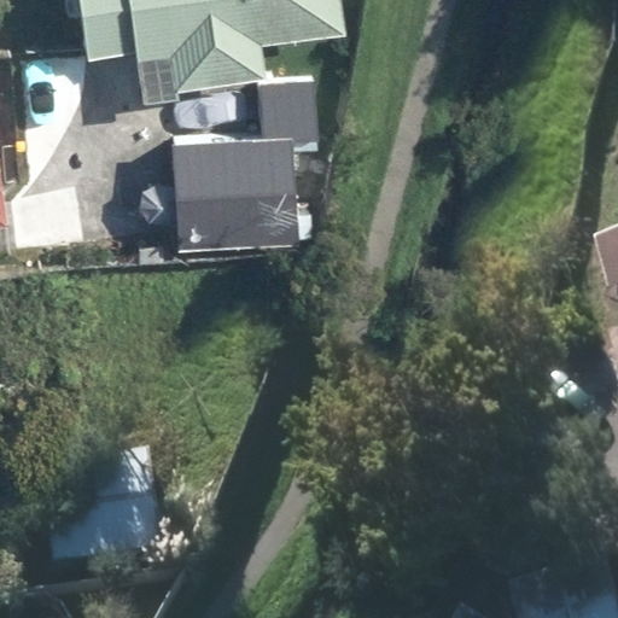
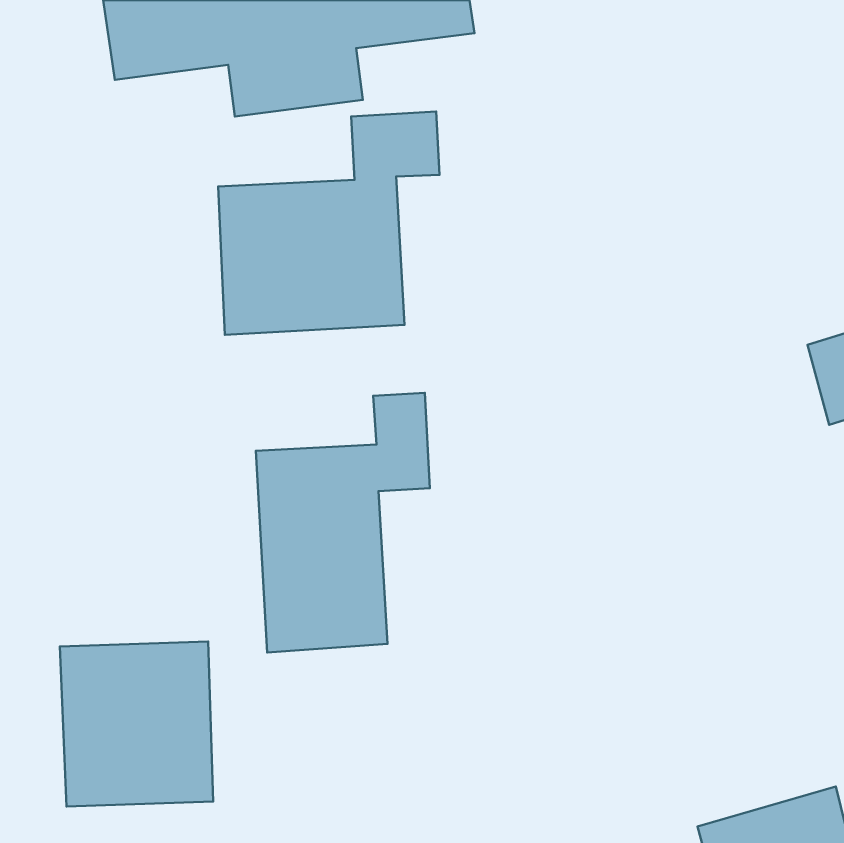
building: none -> [256,393,430,652]

